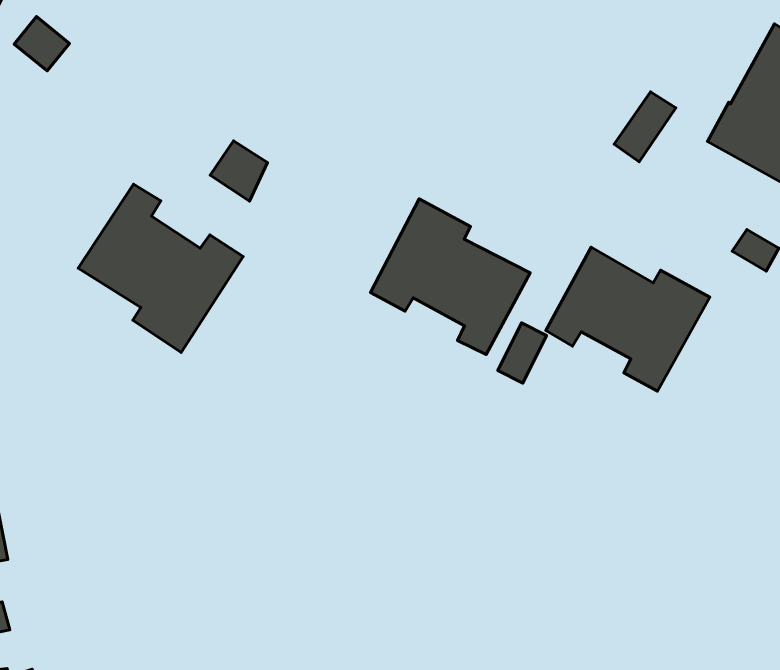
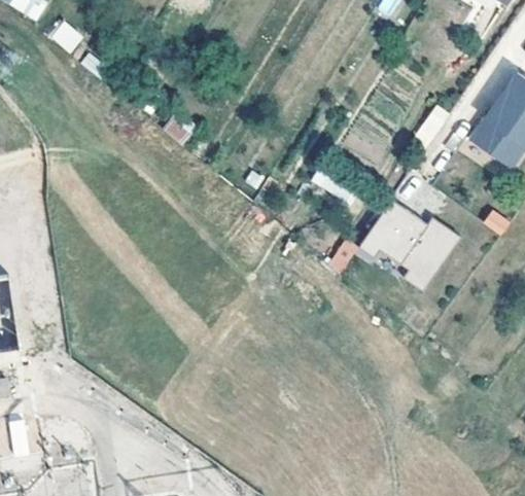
building: [78,184,243,352] -> none
building: [370,199,530,355] -> none

